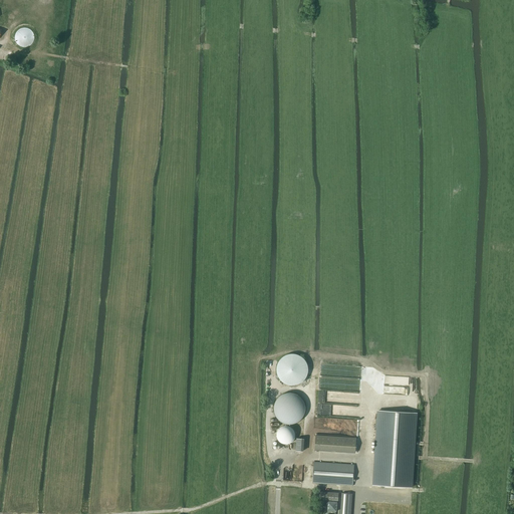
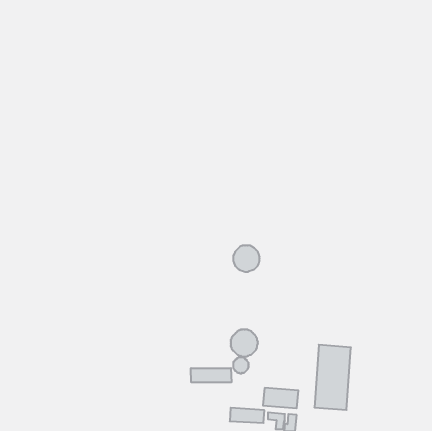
building: [277,353,308,384] -> [233,246,260,272]
building: [315,434,356,452] -> [230,408,264,423]
building: none -> [191,368,231,382]

